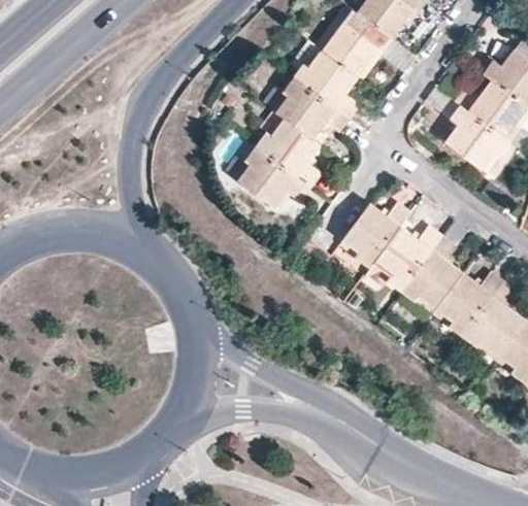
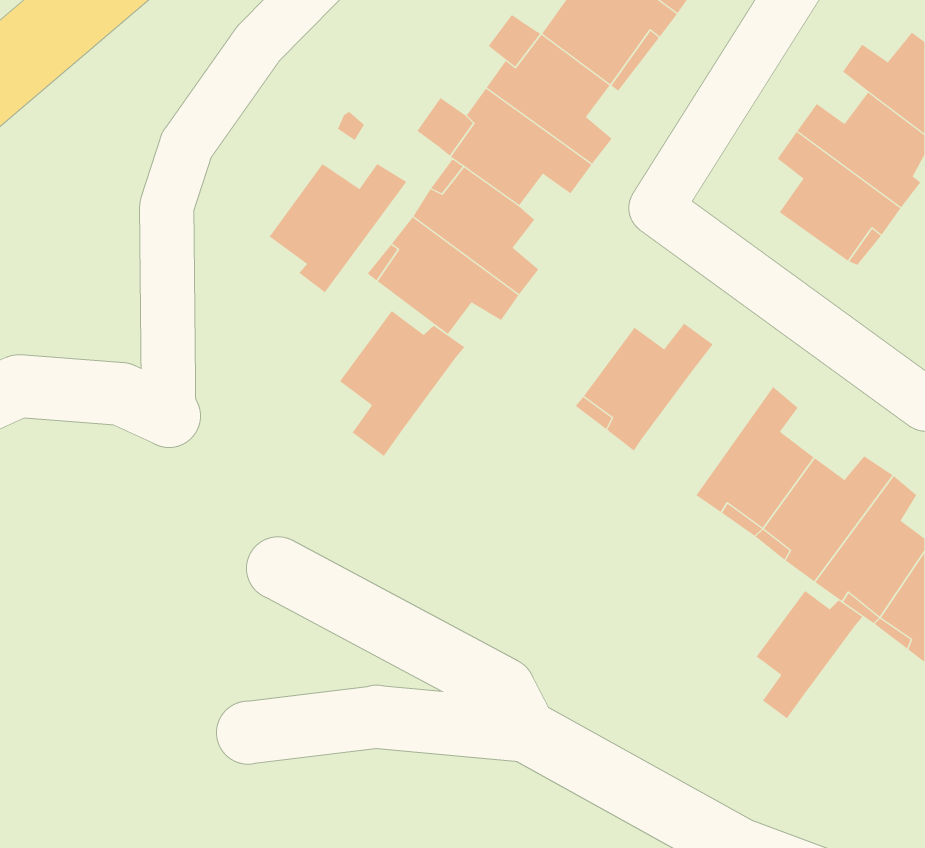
building: none -> [269,163,407,293]
building: none -> [339,310,465,457]
building: [374,224,442,291] -> none
building: none -> [756,590,863,719]

